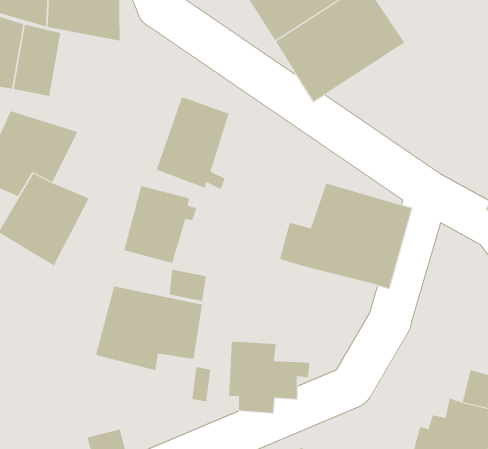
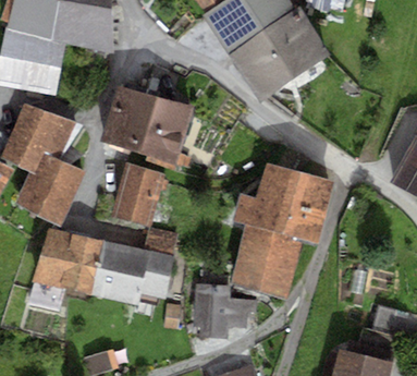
building: none -> [100,84,157,151]
building: none -> [231,225,302,300]
building: none -> [27,228,105,307]

